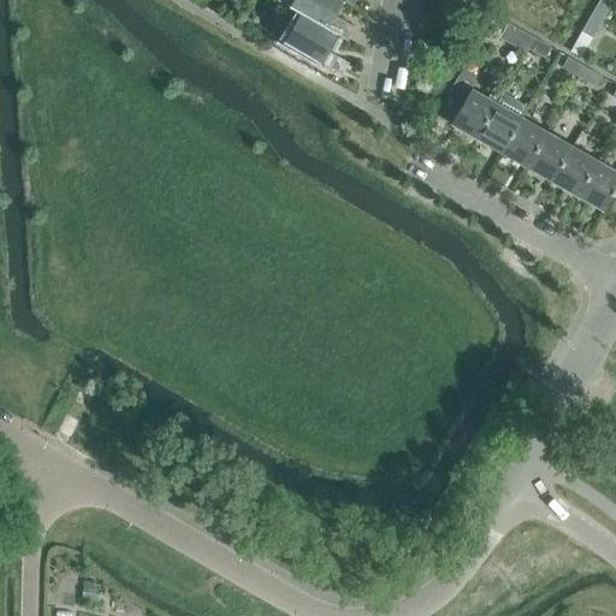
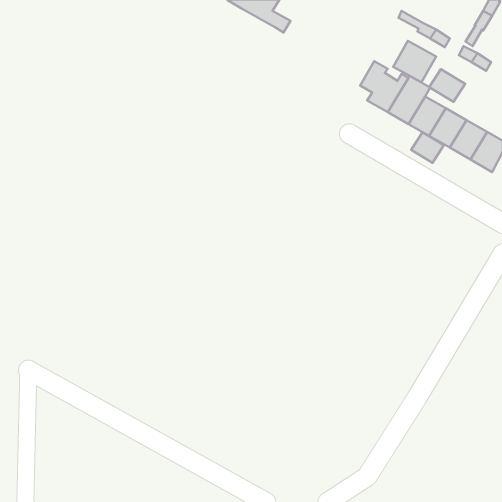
building: [273,11,349,75] -> none
building: none -> [393,41,436,82]
building: none -> [429,69,465,102]
building: none -> [411,132,444,163]

